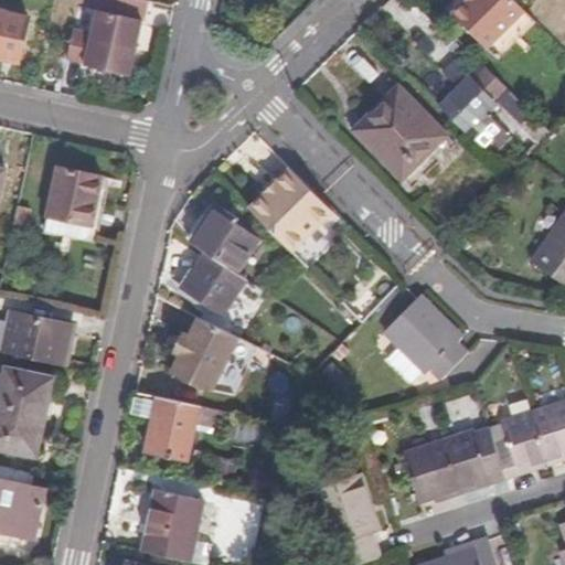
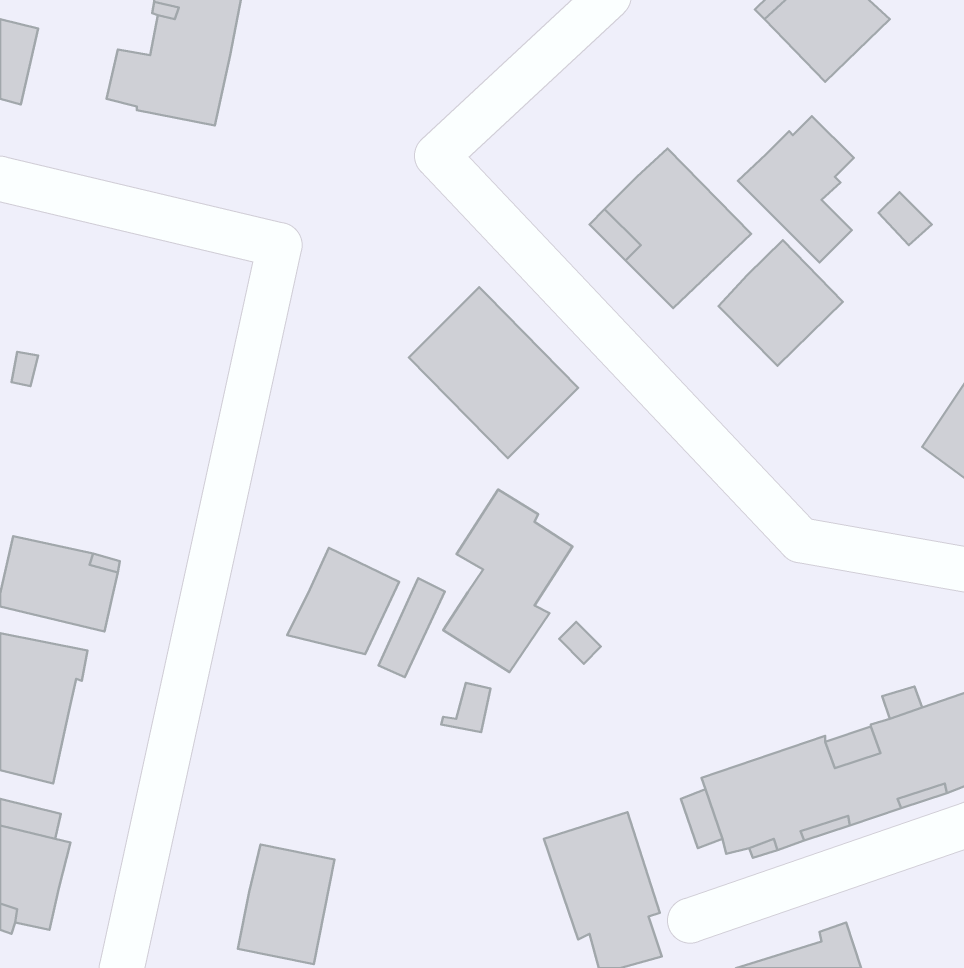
building: none -> [718,240,843,366]
building: [44,167,105,241] -> none
building: [173,205,248,311] -> [443,490,572,672]
building: [393,295,475,376] -> none
building: [126,393,195,459] -> none

